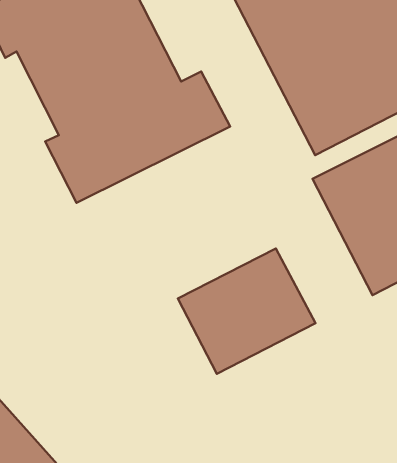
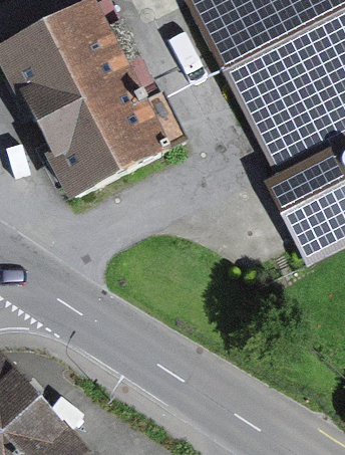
building: [178,248,315,374] -> none

